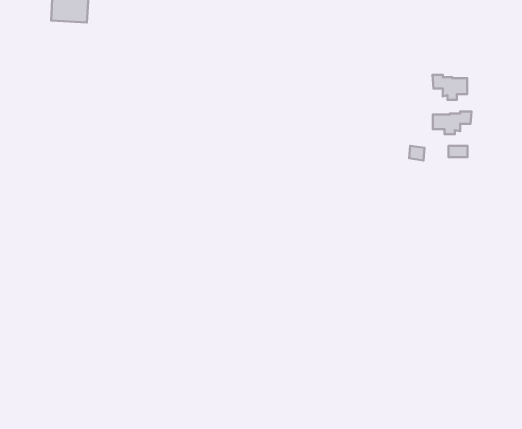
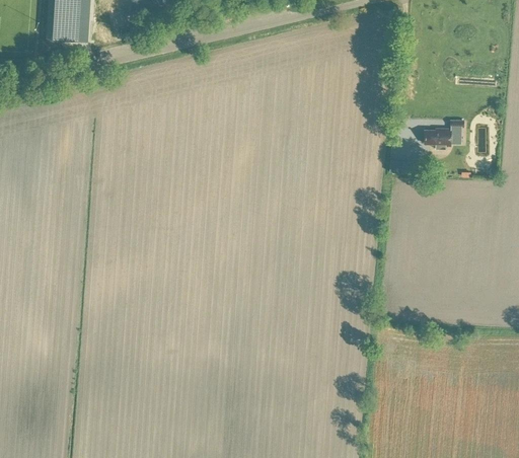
building: [432,75,467,100] -> none

